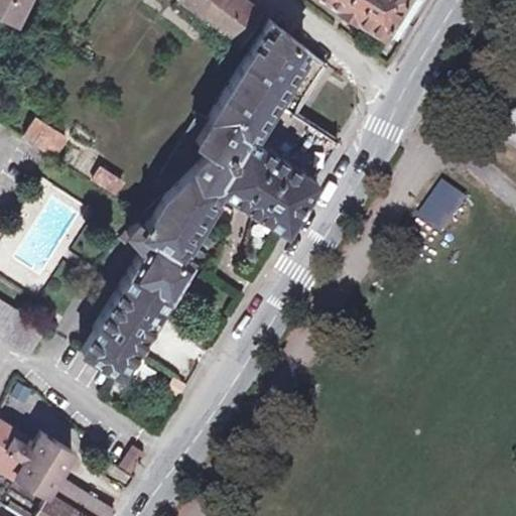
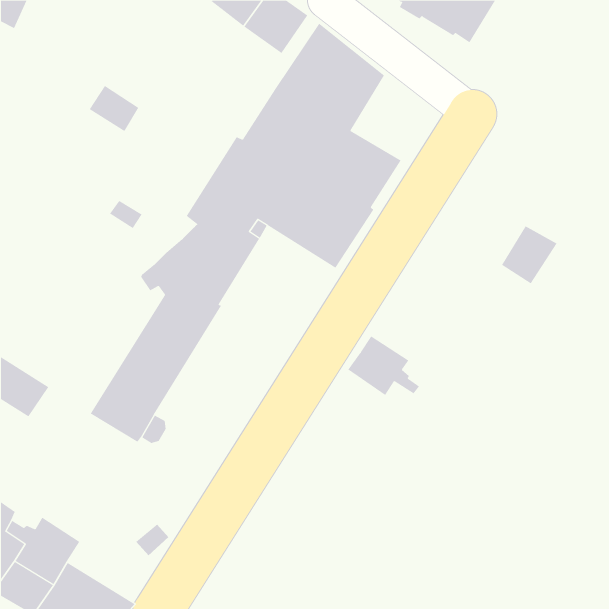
building: [26,117,69,156] -> [89,85,139,132]
building: none -> [347,335,420,396]

